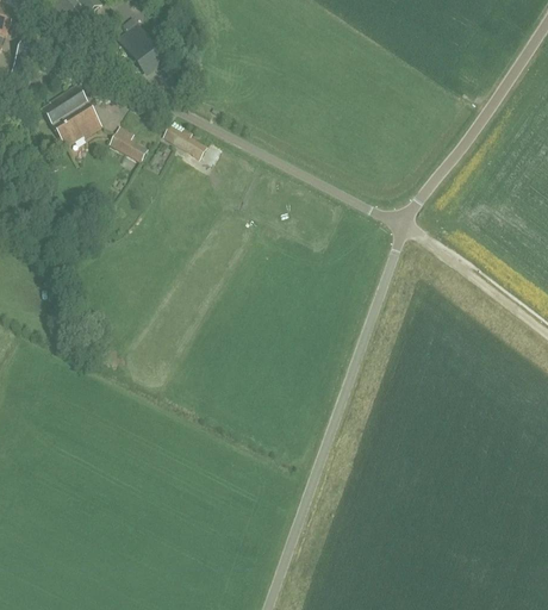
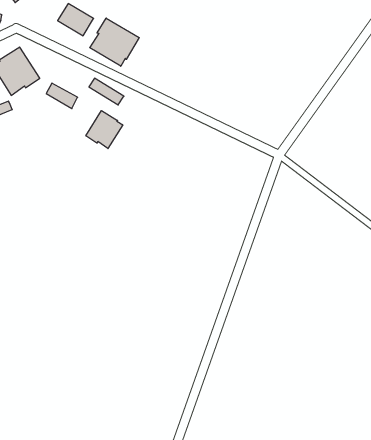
building: none -> [90,18,139,66]
building: none -> [86,111,123,149]

